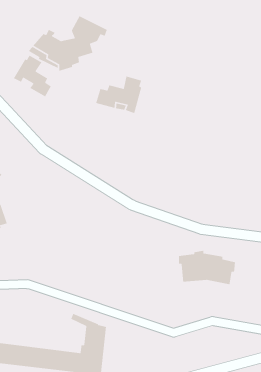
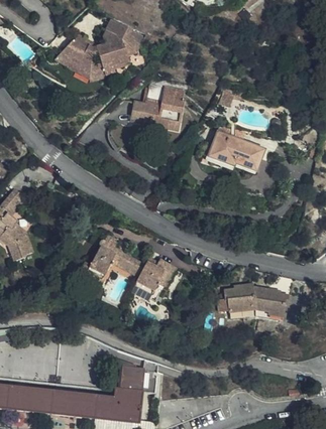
building: [13,54,52,98] -> none
building: none -> [208,132,266,168]
building: none -> [89,236,175,293]

